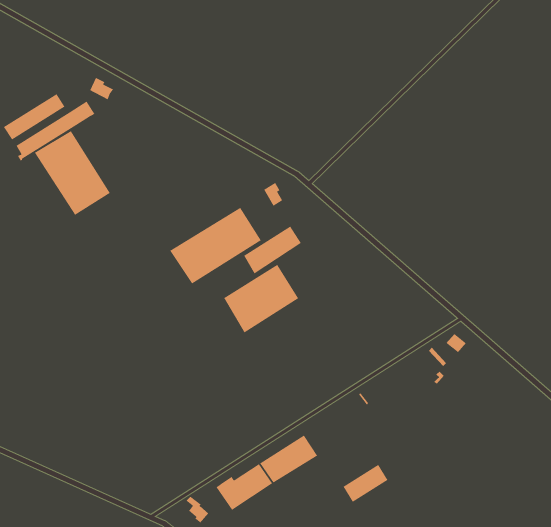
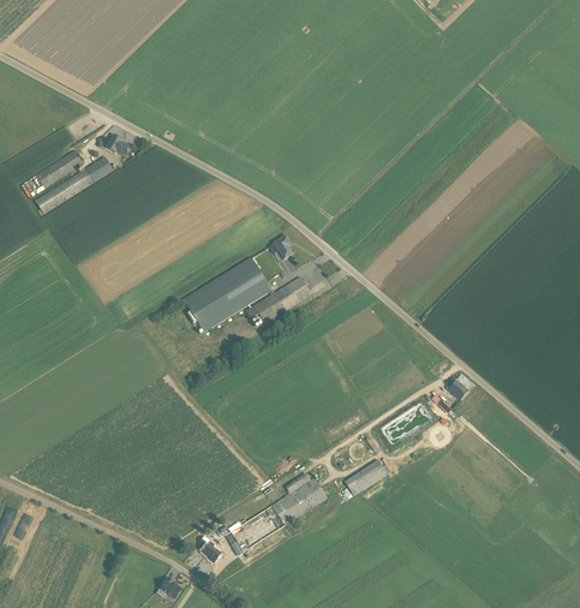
building: [34,130,111,216] -> none
building: [223,264,299,334] -> none
building: [342,464,389,503] -> [342,457,387,494]

